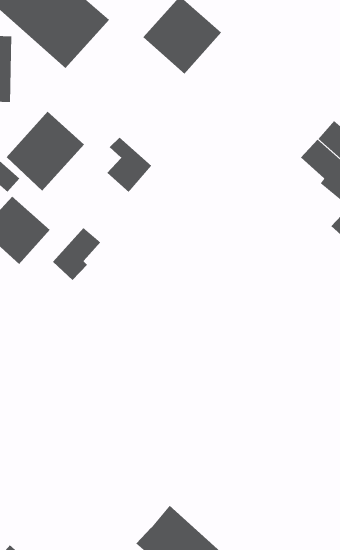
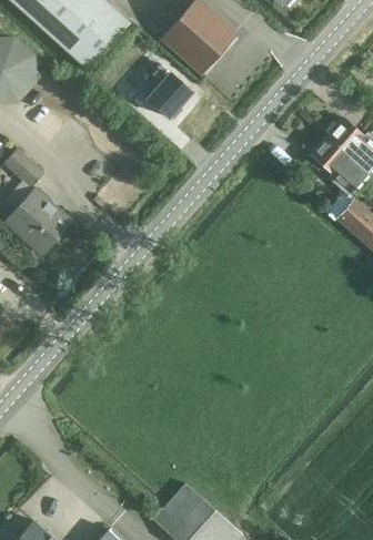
building: [6,111,85,192] -> none
building: [107,137,152,193] -> [147,65,190,119]
building: [52,227,101,281] -> none

